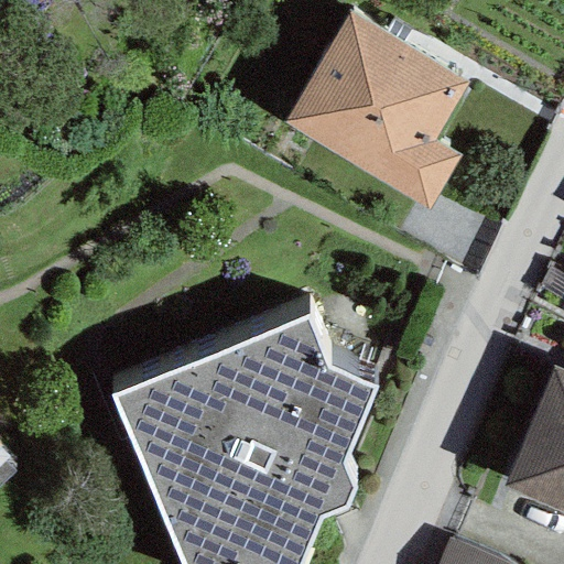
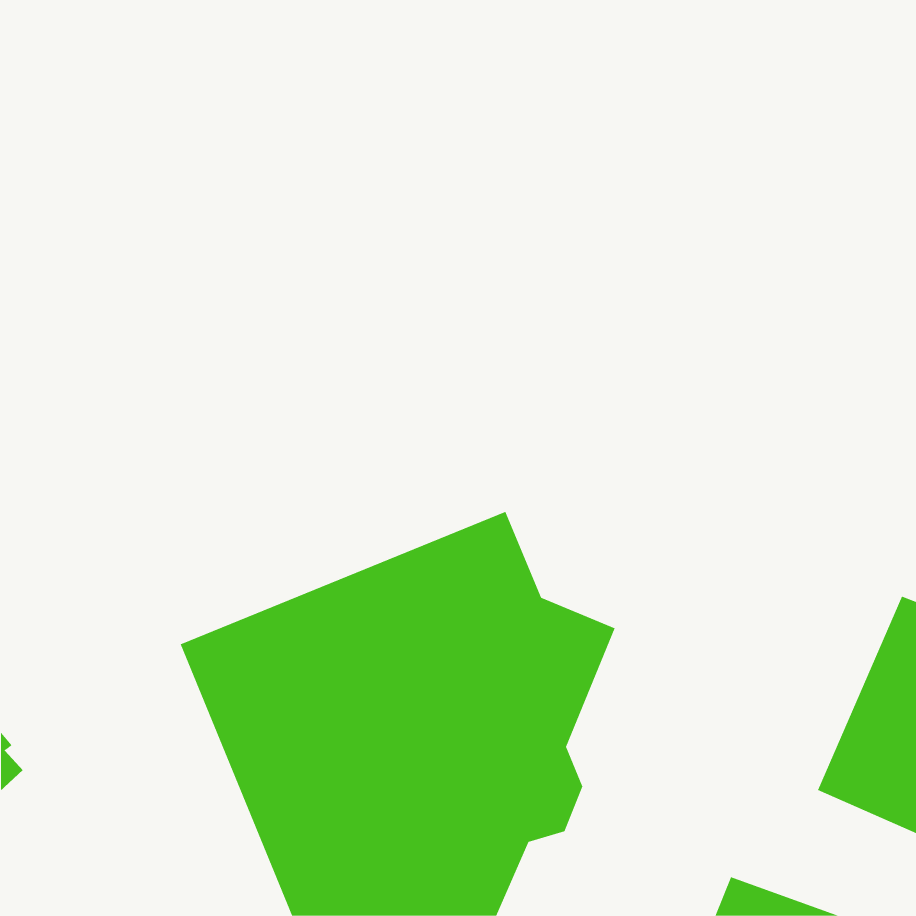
building: [283,9,469,210] -> none

